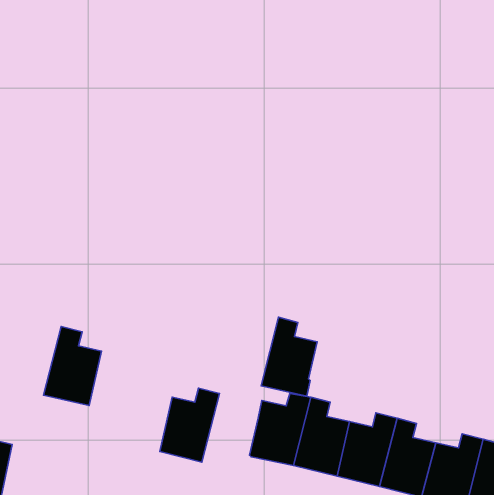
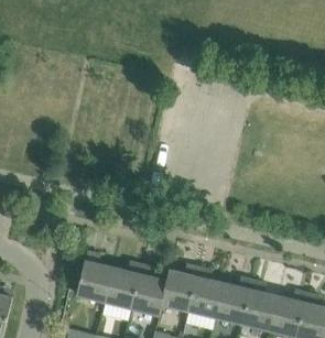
building: [261,317,317,396] -> [131,265,166,315]
building: [43,326,101,406] -> [76,252,112,302]

